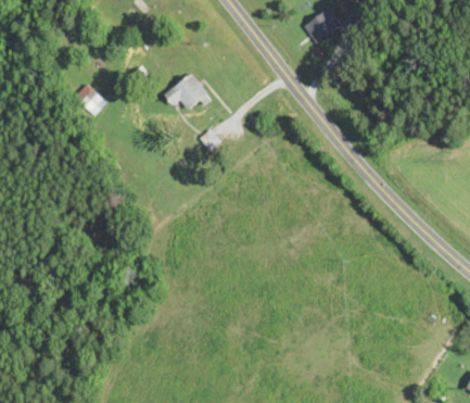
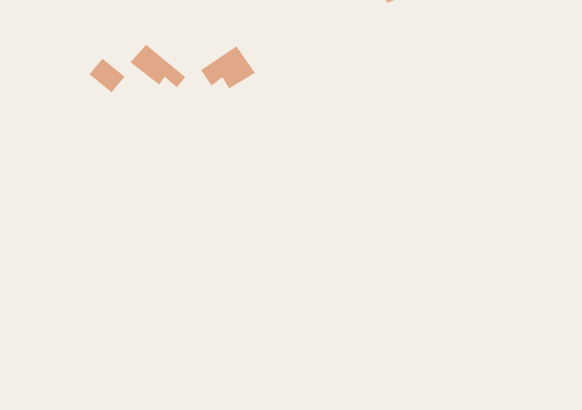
building: none -> [130,44,186,88]

